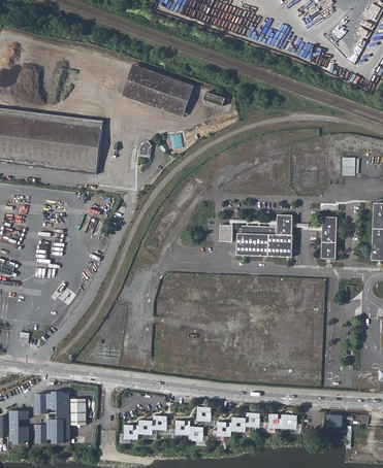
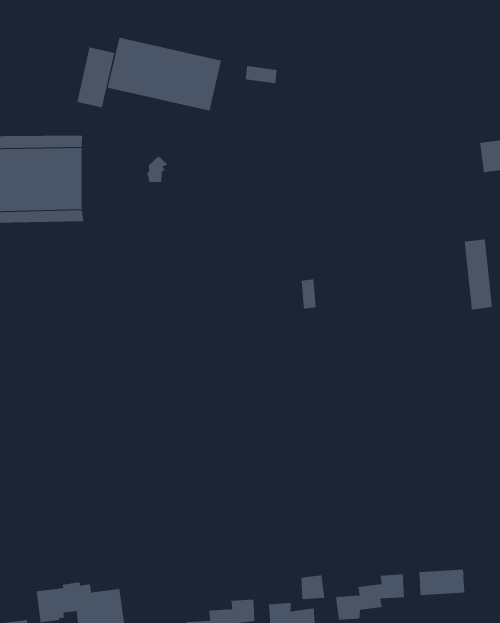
building: none -> [77,46,115,108]
building: [234,213,292,255] -> none

